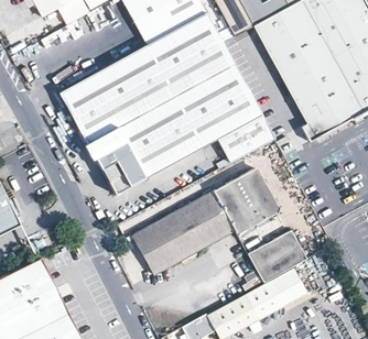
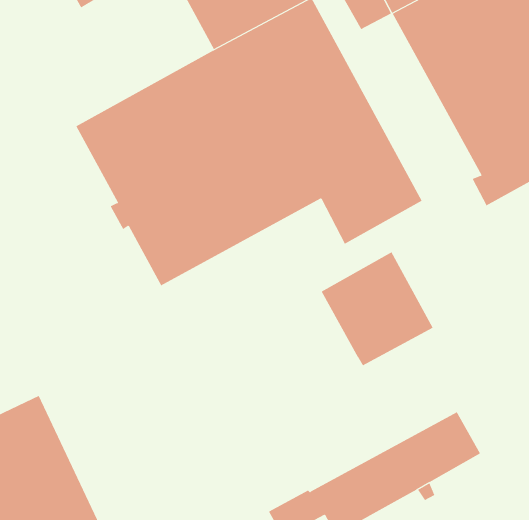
building: [132,193,234,275] -> none
building: [246,231,304,281] -> none

